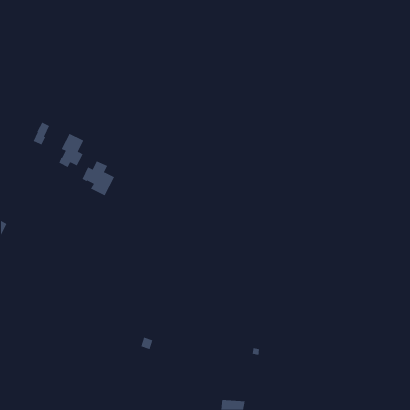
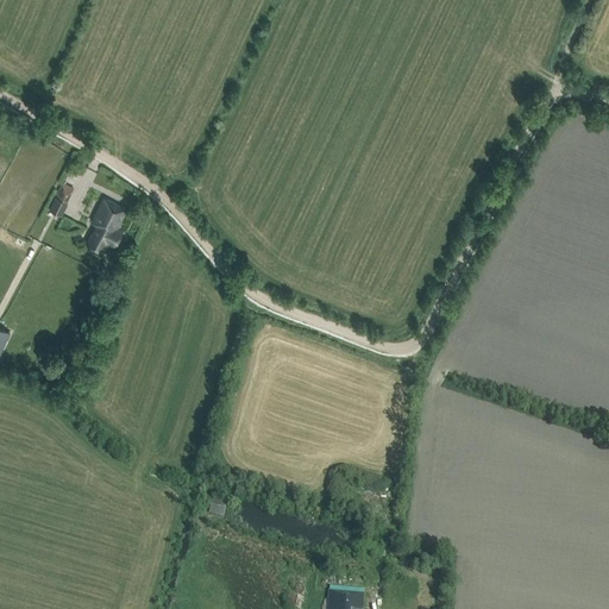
building: [82,161,115,196] -> none

